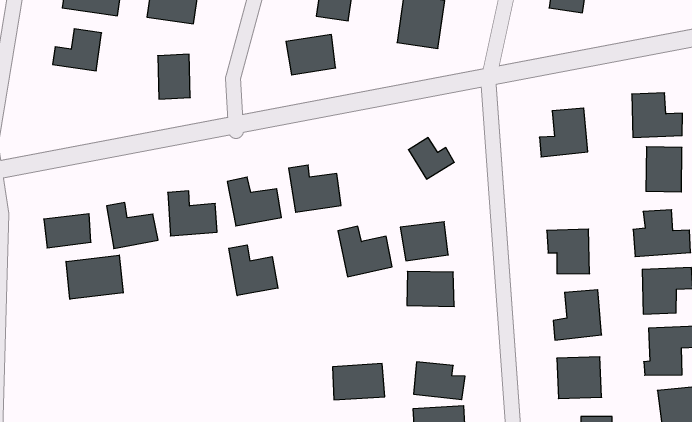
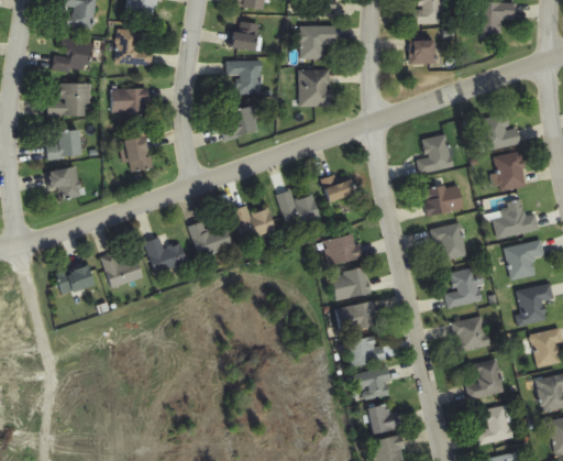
building: none -> [44,167,81,200]
building: none -> [422,184,463,216]
building: [338,226,392,277] -> [276,190,320,229]
building: [229,245,278,296] -> none
building: [66,255,123,299] -> none
building: [333,364,385,400] -> [335,301,377,333]

